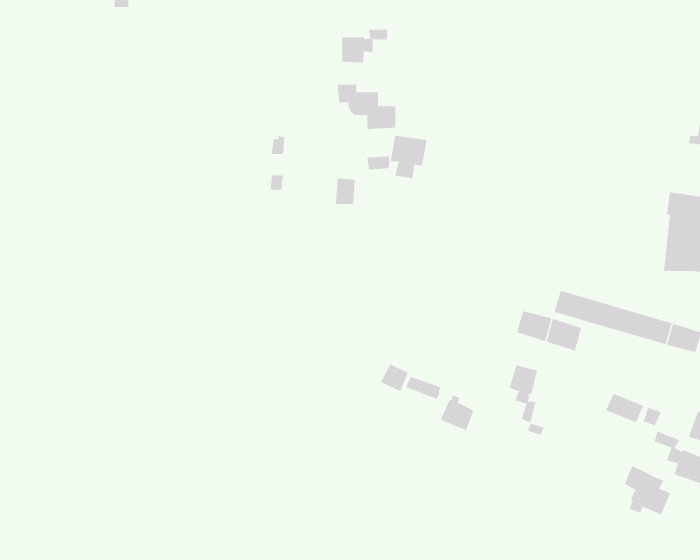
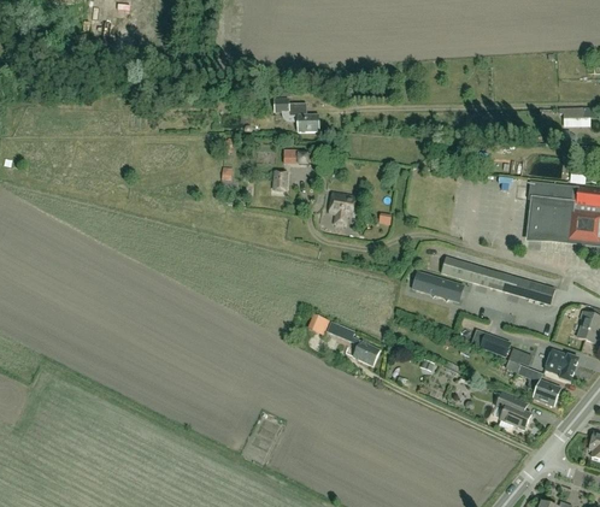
building: [342,29,388,63] -> none
building: [390,135,427,179] -> [329,191,358,225]
building: [509,364,538,423] -> none

